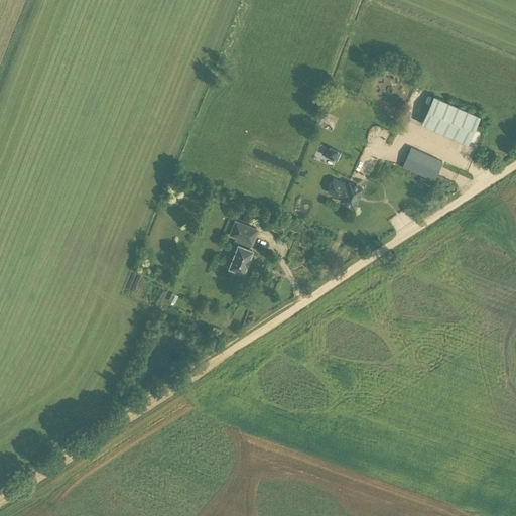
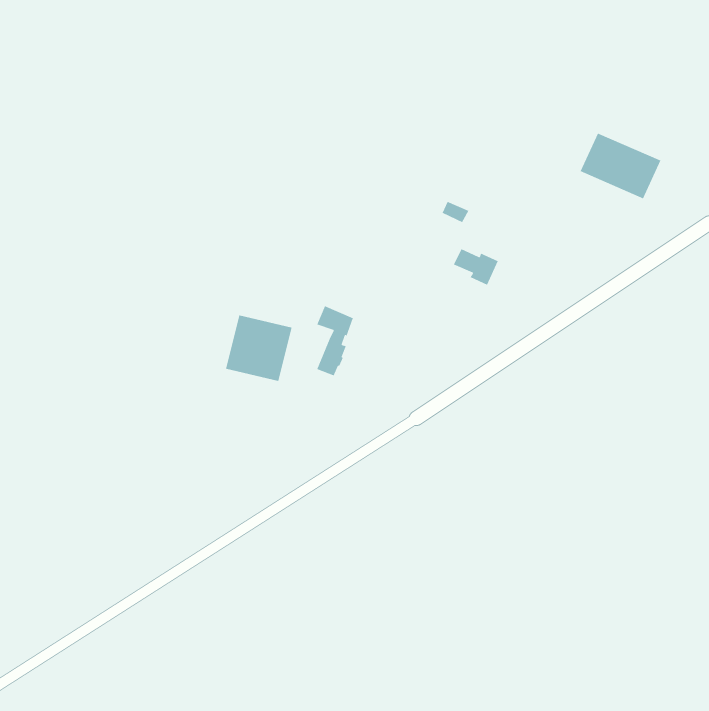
building: [400,144,440,181] -> none
building: none -> [225,314,293,382]

